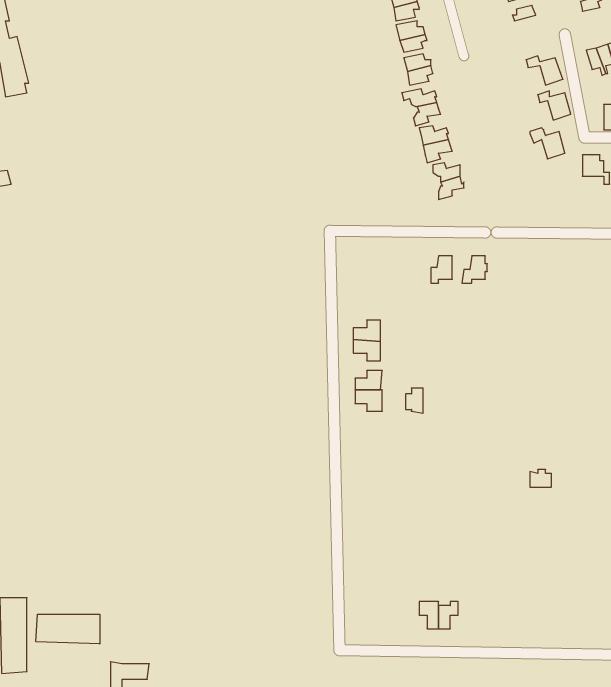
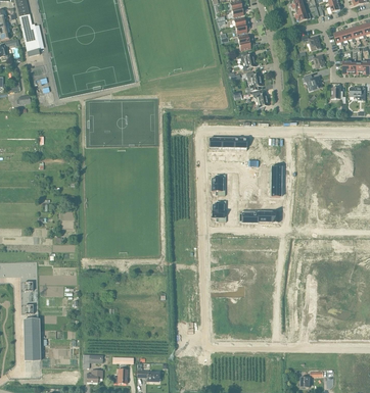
building: [36,614,100,644] -> none

